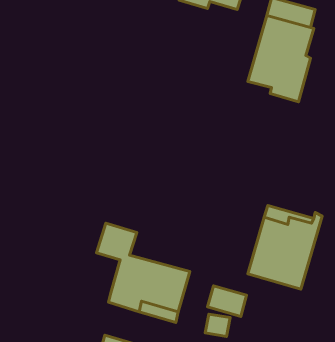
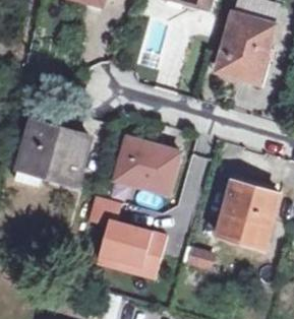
building: none -> [16,123,87,183]
building: none -> [115,136,181,197]

